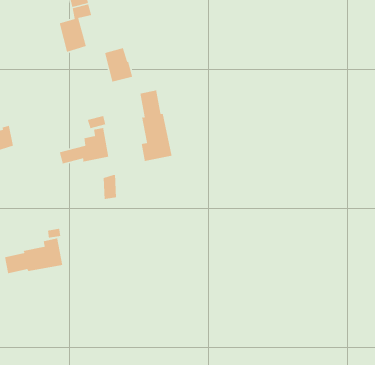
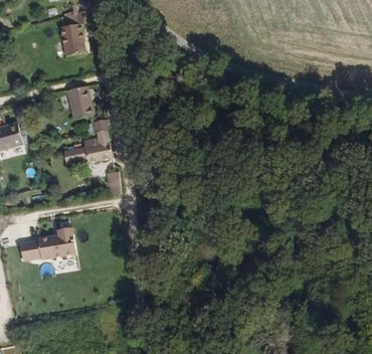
building: [104,47,133,83] -> [69,84,97,118]
building: [140,90,172,162] -> none

